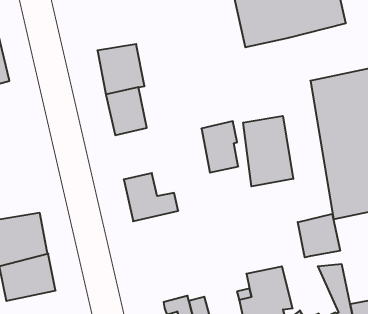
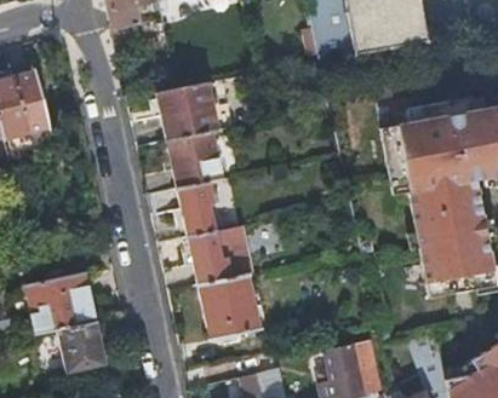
building: [243,116,293,186] -> none
building: [201,121,238,173] -> [174,177,217,236]
building: none -> [195,272,258,339]
building: [298,214,340,257] -> none

